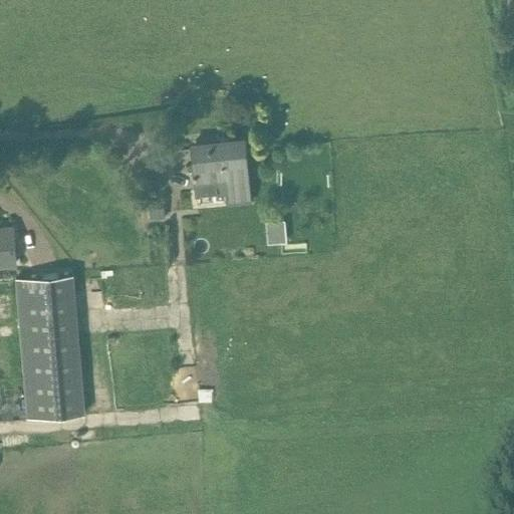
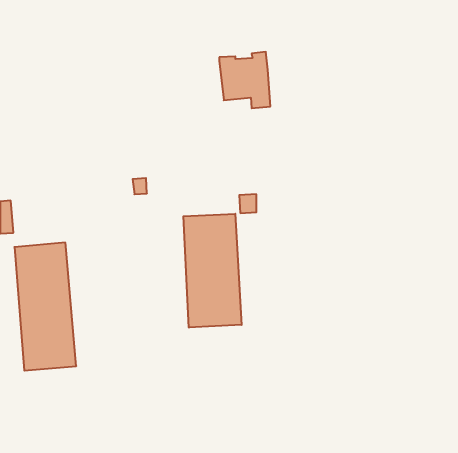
building: [192,142,249,205] -> [219,52,270,108]
building: none -> [183,214,242,328]

